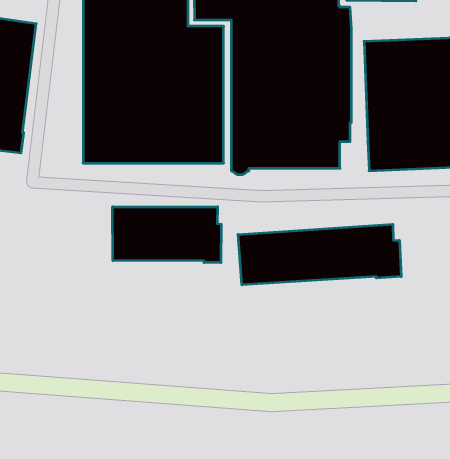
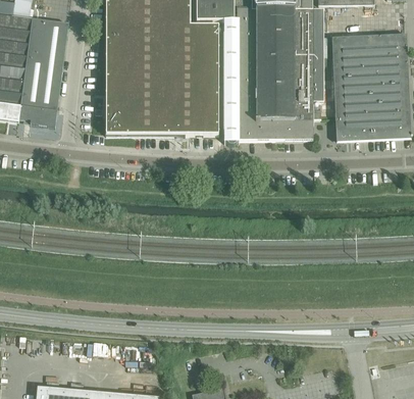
building: [113,207,221,263] -> none
building: [238,224,401,285] -> none

